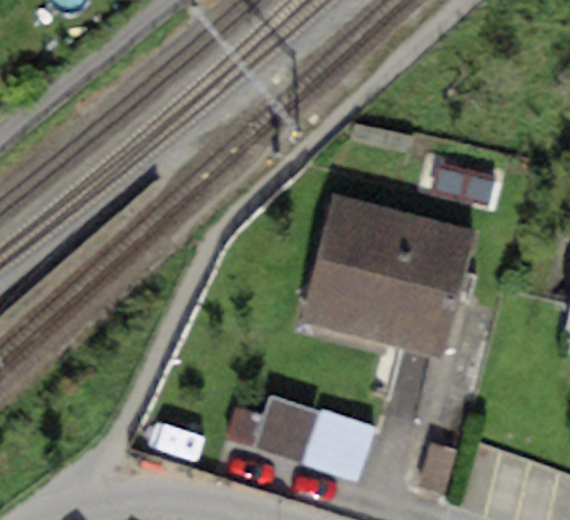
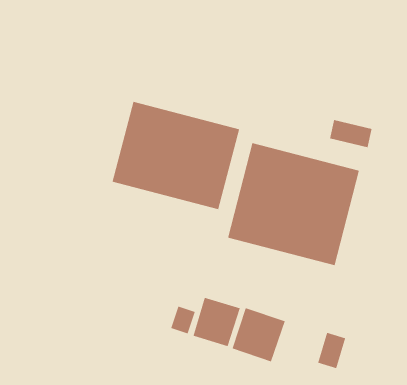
building: none -> [111,101,240,210]

